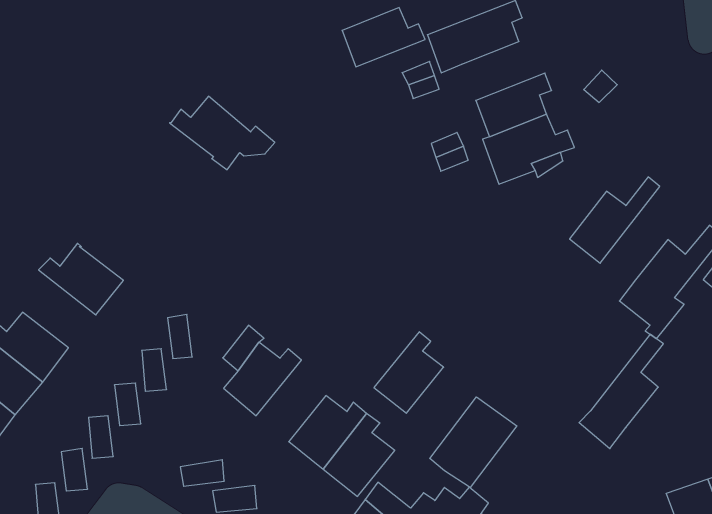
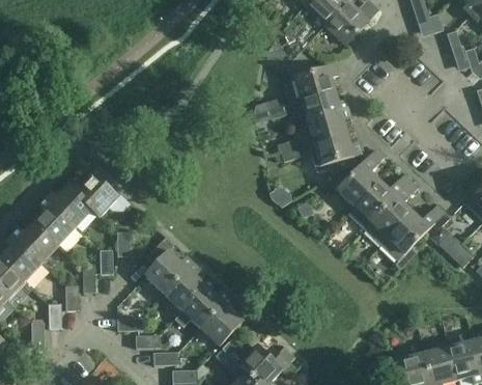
building: [342,8,425,67] -> [301,89,348,121]
building: [170,96,275,170] -> [69,173,130,217]
building: none -> [337,149,384,207]
building: none -> [33,198,76,245]
building: [374,332,444,413] -> [164,264,205,310]
building: [579,334,663,449] -> [364,181,417,245]
building: [430,397,517,488] -> none

